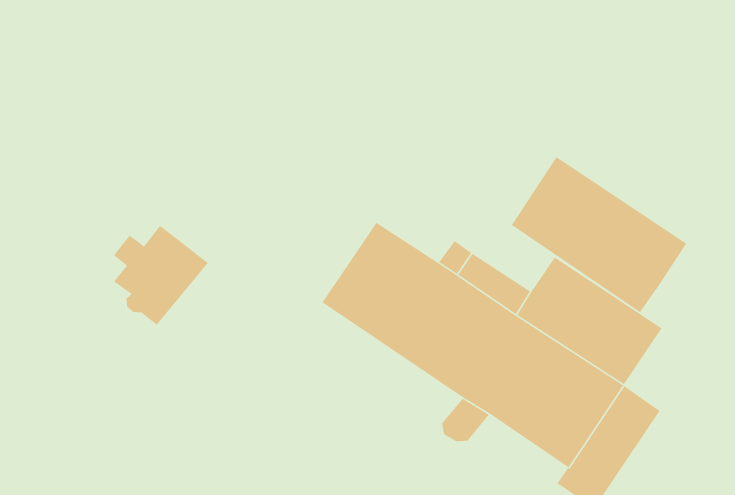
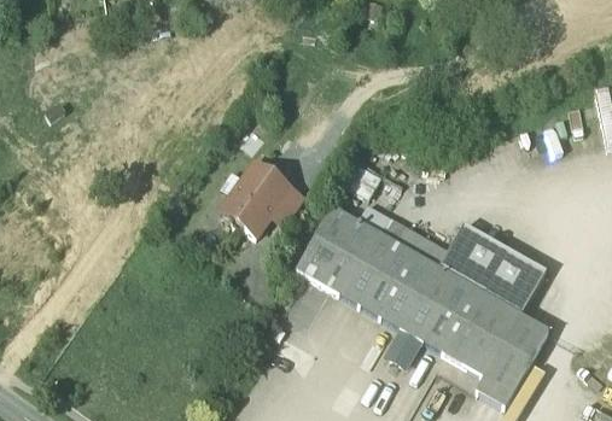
building: [511,156,687,313] -> none
building: [113,225,209,326] -> [221,164,291,238]

